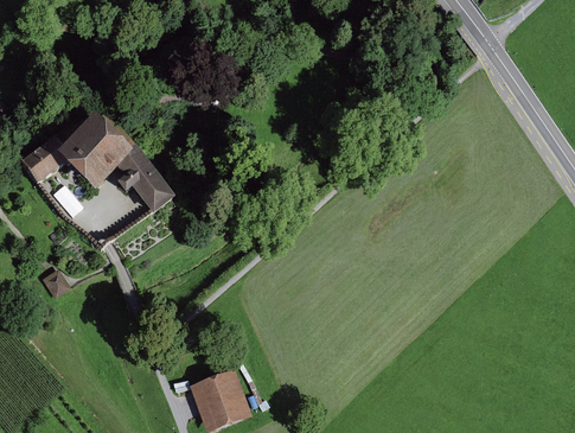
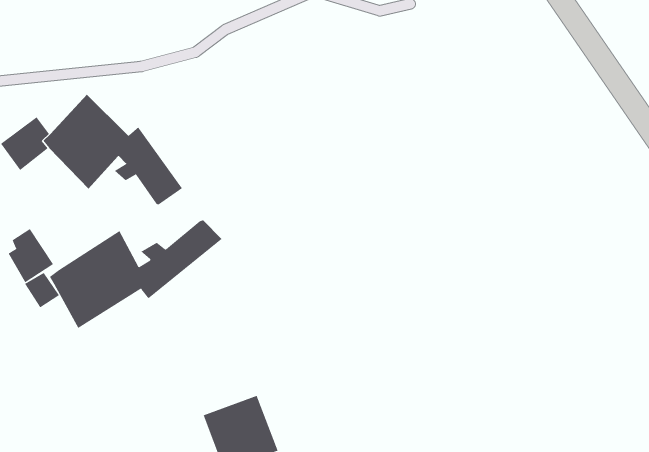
building: none -> [49,220,223,329]
building: none -> [8,228,54,283]

